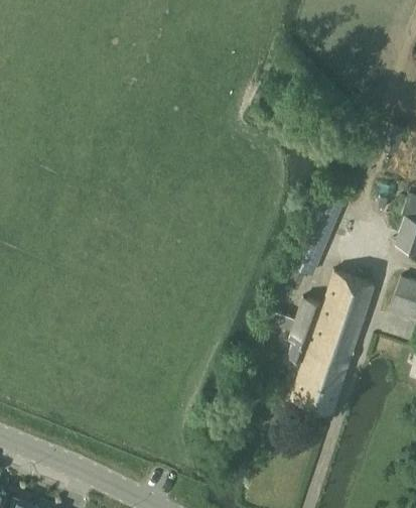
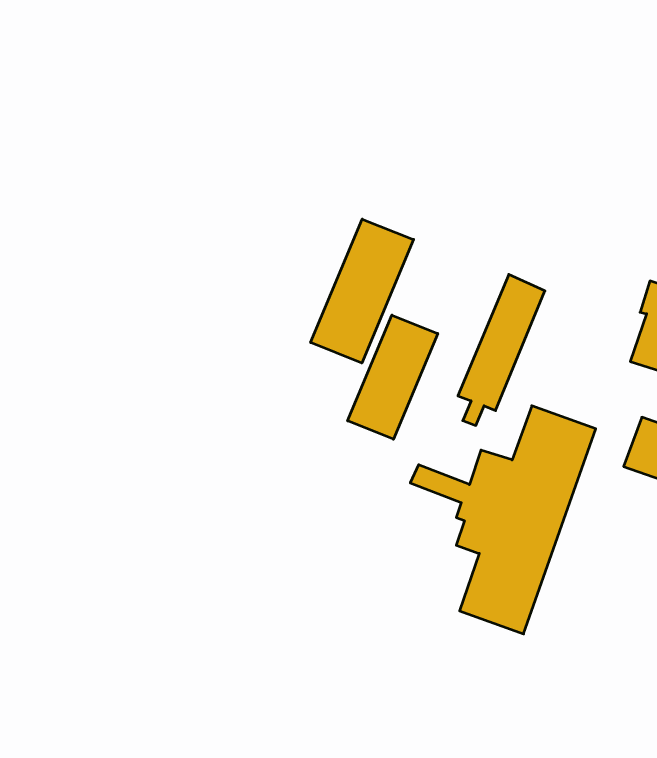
building: none -> [311,219,414,363]
building: none -> [348,315,438,439]

